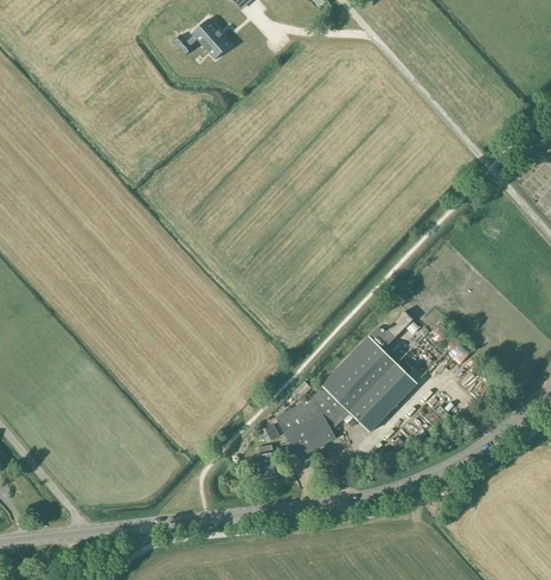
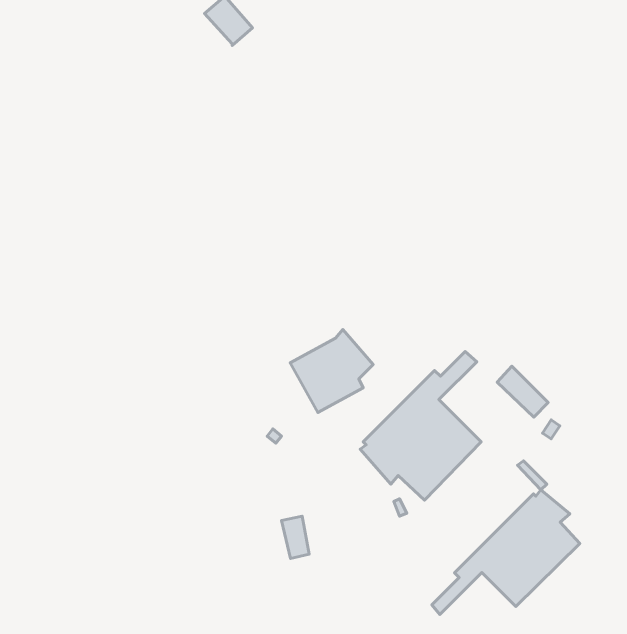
building: [276,389,344,457] -> [290,329,373,412]
building: none -> [432,490,580,614]

